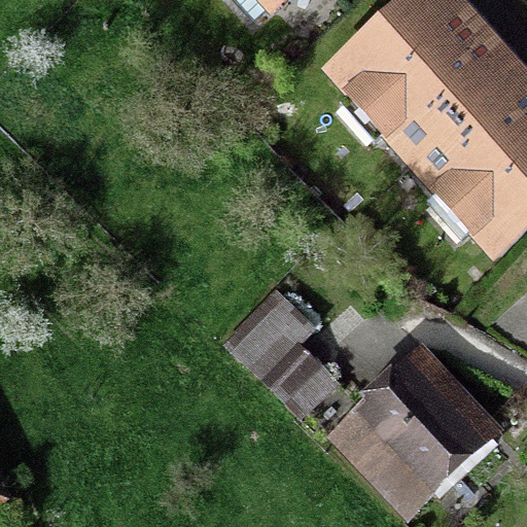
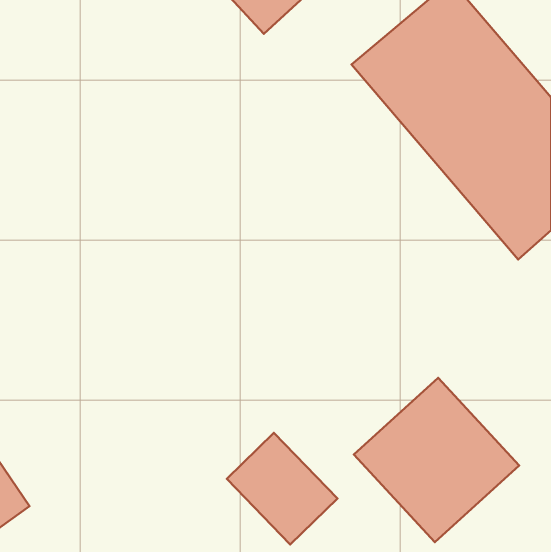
building: [234,301,338,406] -> [227,433,337,545]

